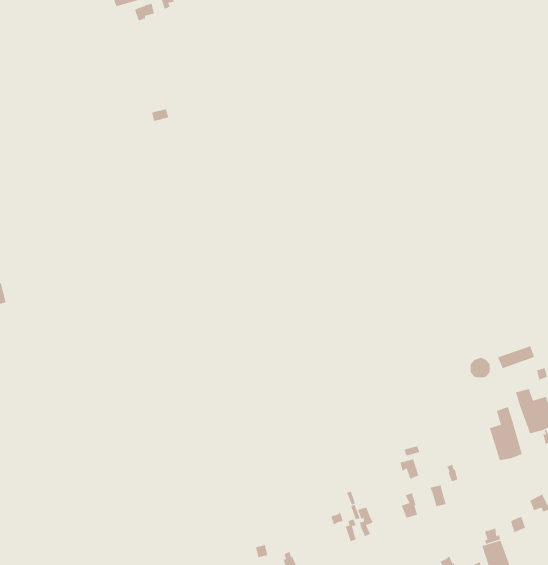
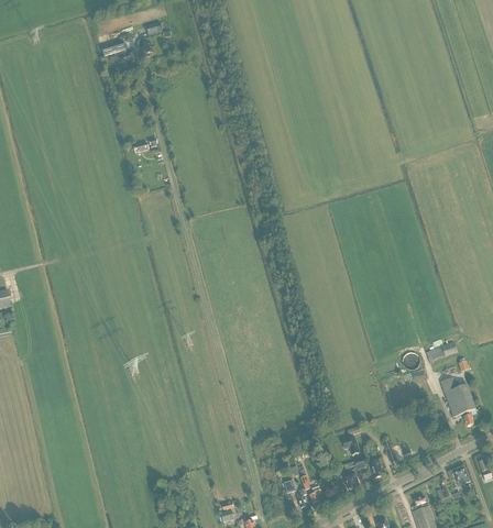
building: [489,406,522,461] -> none

